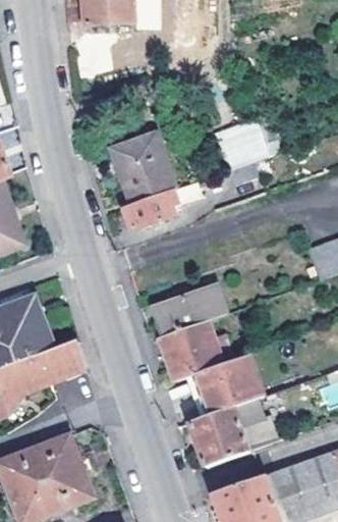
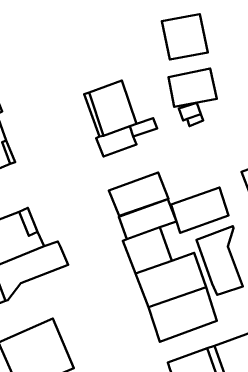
building: none -> [162,14,208,60]
building: none -> [109,172,169,216]
building: none -> [171,187,228,233]
building: none -> [197,226,243,295]

